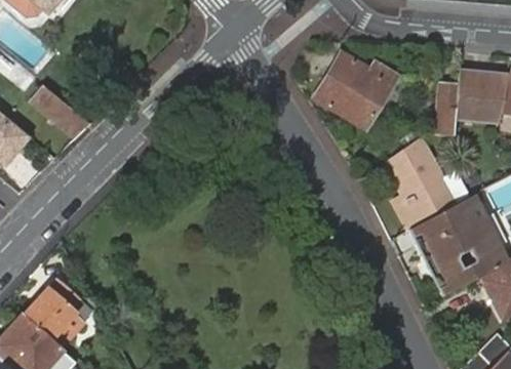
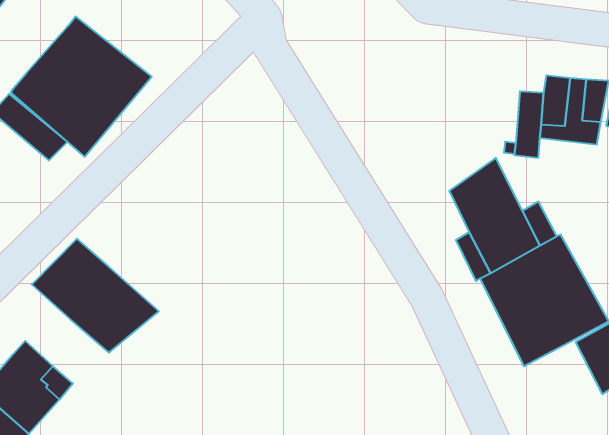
building: none -> [11,16,152,157]
building: [315,52,398,127] -> none
building: none -> [32,239,159,353]

